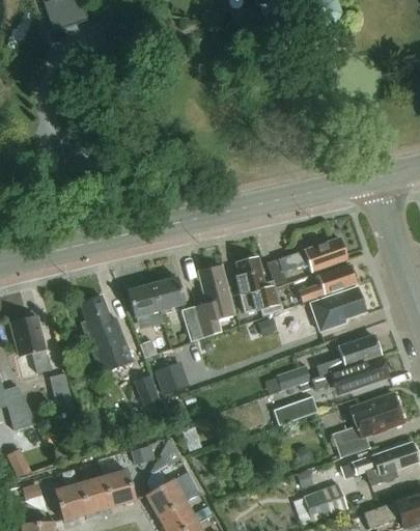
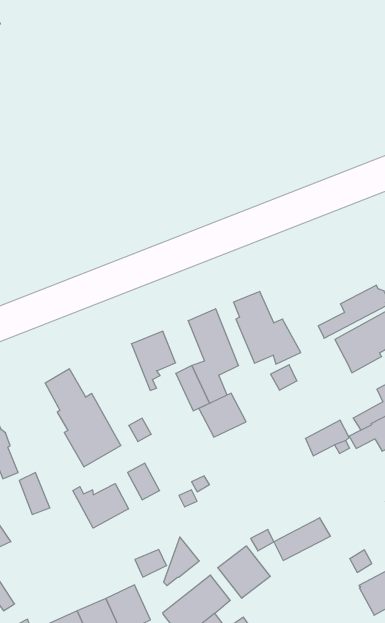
building: [267,236,346,282] -> none
building: [128,282,162,324] -> none
building: [155,362,190,394] -> [199,393,246,437]
building: none -> [73,484,129,528]
building: [273,393,317,422] -> [274,518,330,560]
building: none -> [218,546,270,598]

